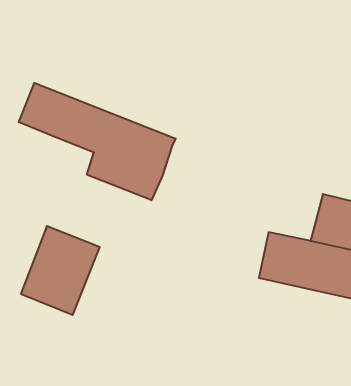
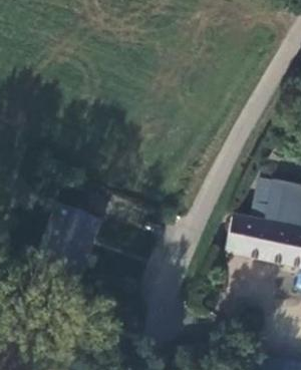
building: [19,83,176,200] -> none

